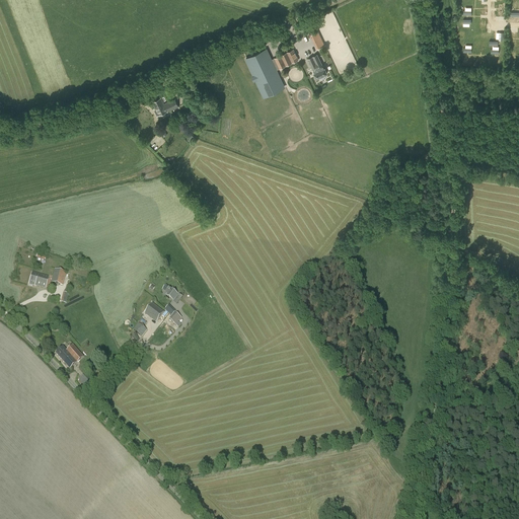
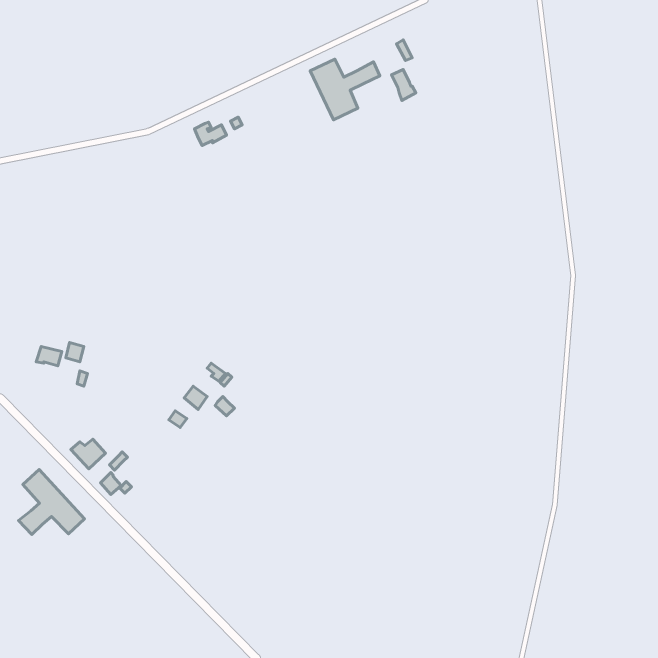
building: none -> [19,470,85,534]

